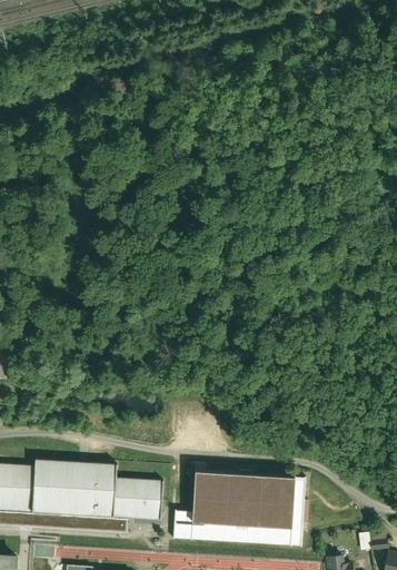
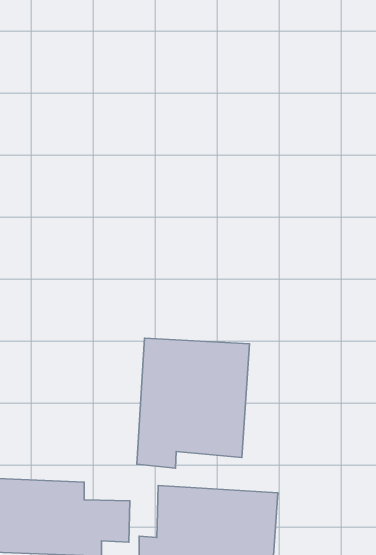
building: none -> [137,338,249,468]

